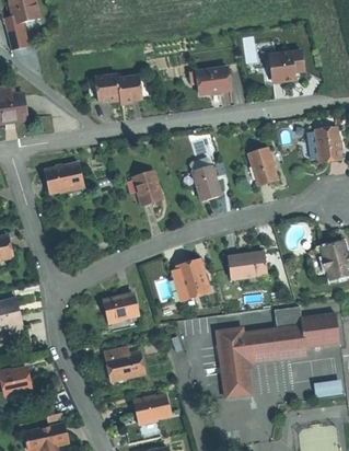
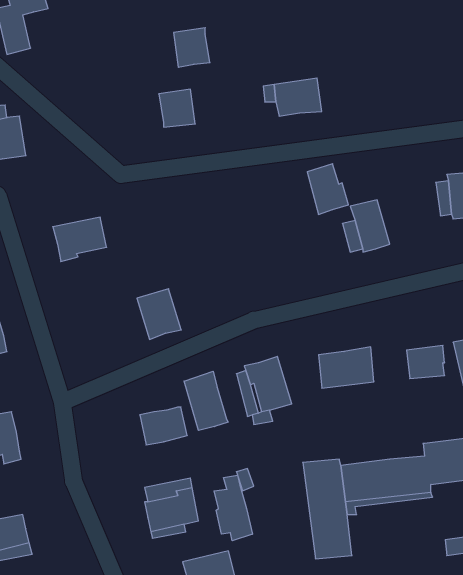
building: [270,49,303,79] -> none
building: [95,72,120,100] -> [174,28,210,67]
building: [193,166,221,201] -> [307,164,348,214]
building: [131,170,162,205] -> [137,289,181,339]
building: none -> [184,371,228,430]
building: [275,307,301,329] -> [407,345,445,379]
building: none -> [214,475,252,541]

